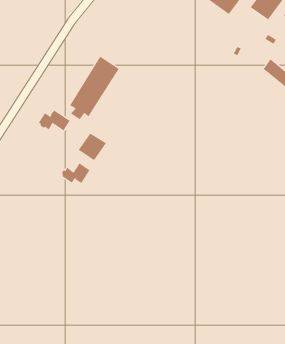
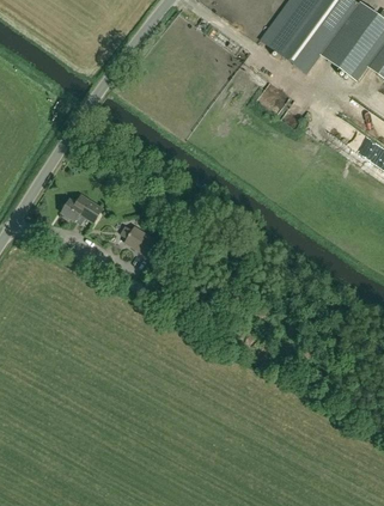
building: [70,56,119,120] -> none
building: [61,163,90,184] -> none

